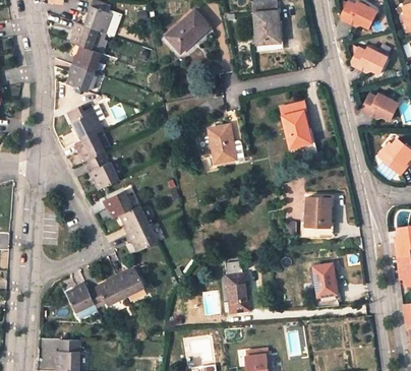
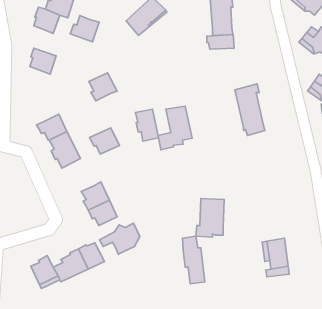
building: [70,45,101,72] -> [70,15,99,42]
building: none -> [207,34,234,49]
building: [73,112,103,141] -> [89,73,117,101]
building: none -> [136,109,159,141]
building: [102,190,133,218] -> [89,128,120,154]
building: [301,196,331,237] -> [196,198,224,237]
building: none -> [99,223,140,254]

